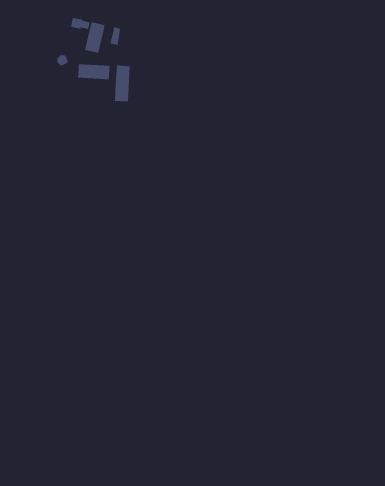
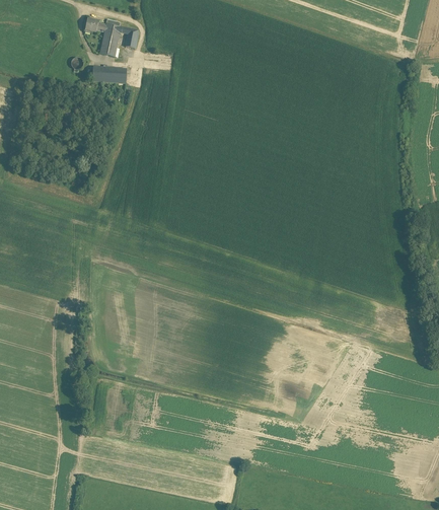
building: [114,64,131,103] -> none

